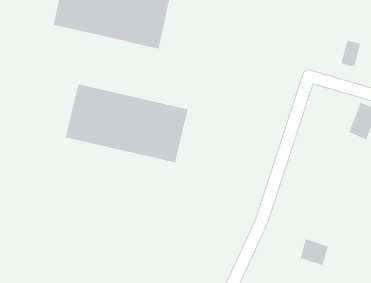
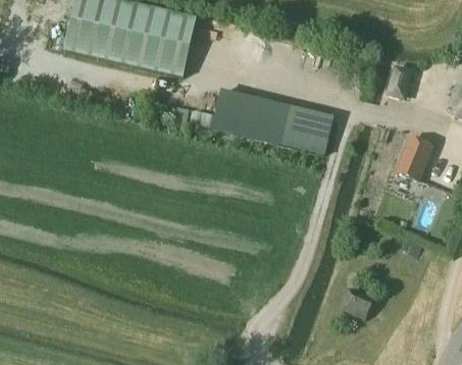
building: none -> [211,89,333,153]
building: [65,84,188,163] -> none

